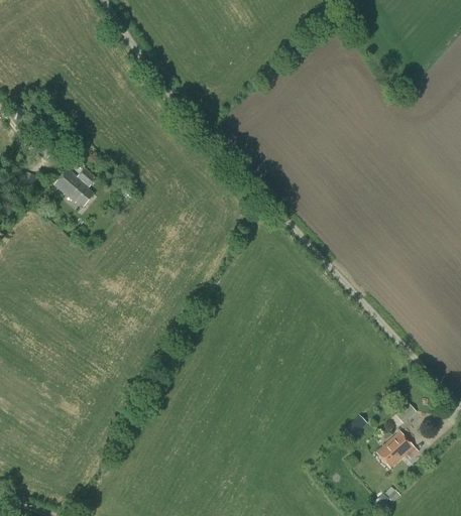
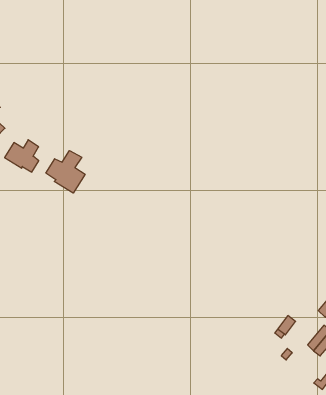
building: none -> [46,151,85,193]

